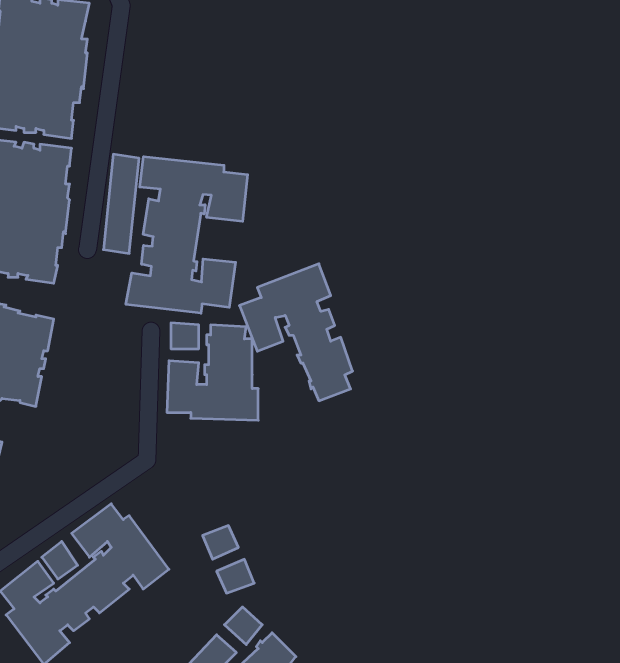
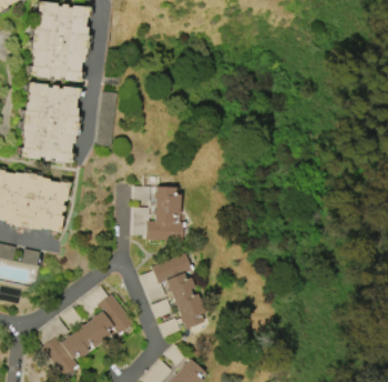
building: [126,157,248,313] -> none
building: [239,264,353,401] -> [141,252,204,329]

